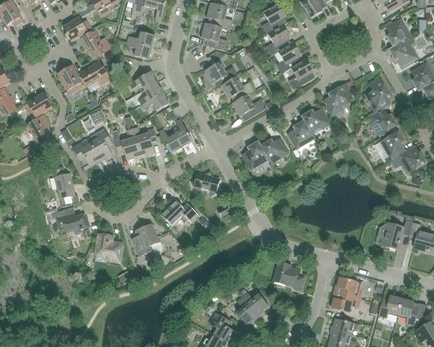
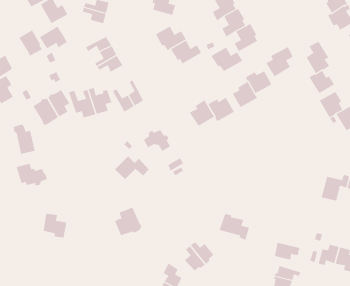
building: [230,94,265,121] -> [210,47,243,72]
building: [132,225,162,256] -> [114,207,142,236]
building: [96,234,122,261] -> [43,213,67,238]
building: [334,277,361,299] -> none

